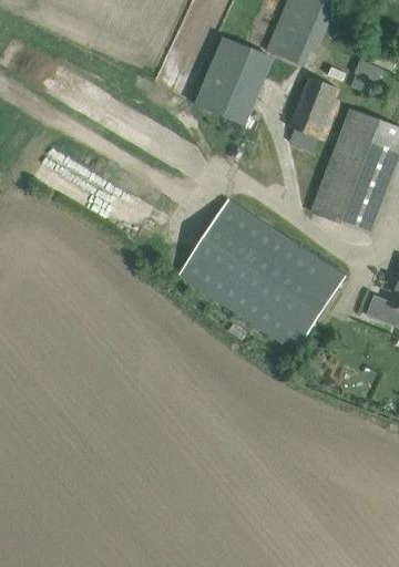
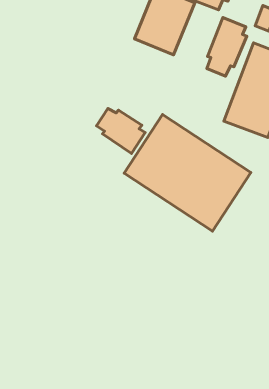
building: none -> [97,108,145,154]

